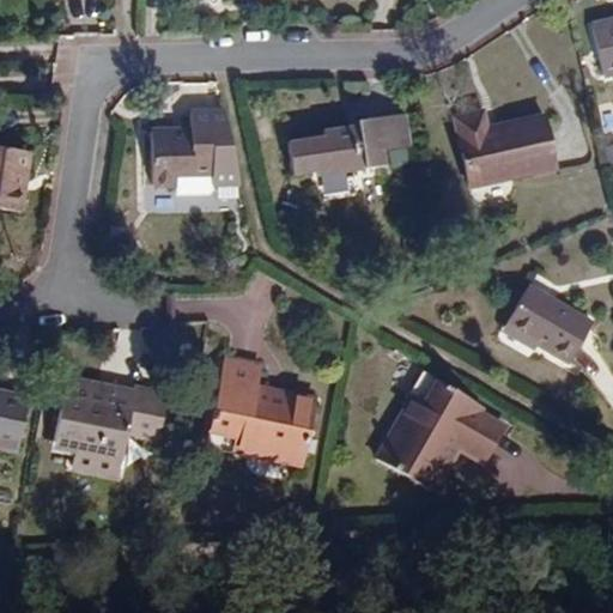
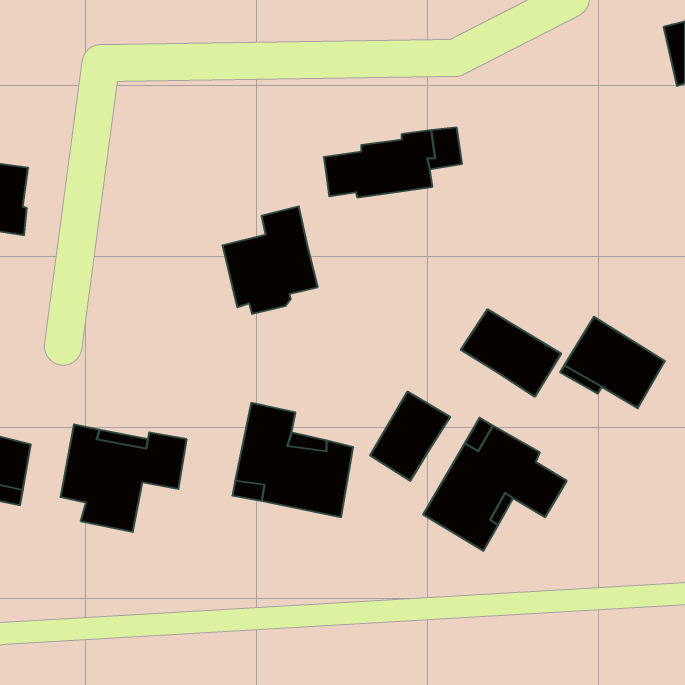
building: [156,108,241,204] -> [222,206,318,314]
building: [453,109,557,187] -> none
building: none -> [461,309,561,397]
building: none -> [370,392,450,481]

